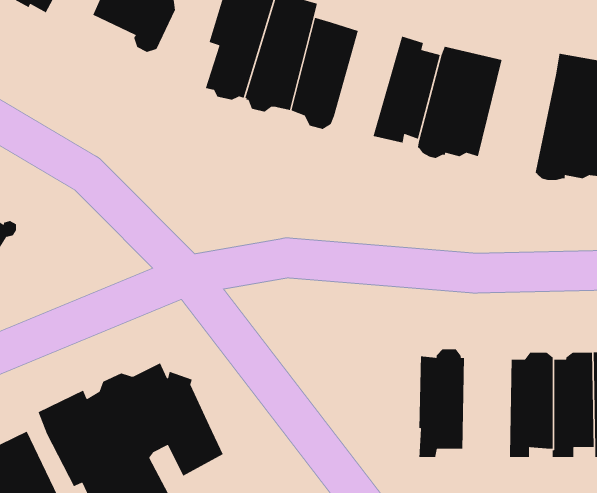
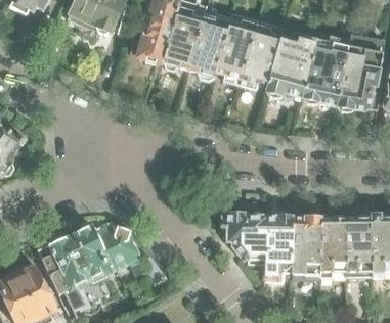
building: none -> [215,19,255,87]
building: none -> [301,39,347,106]
building: none -> [219,211,266,260]
building: none -> [292,212,320,275]

